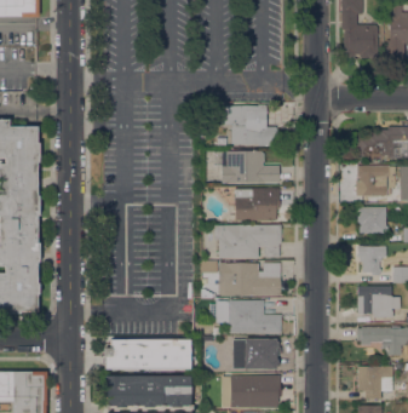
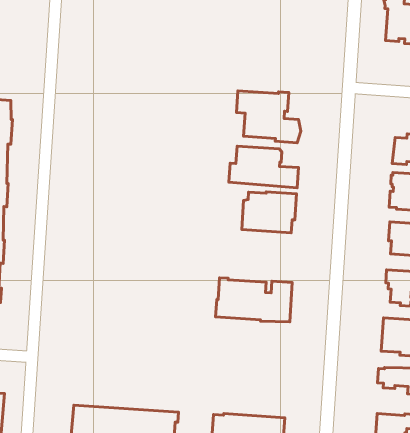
building: [214,224,281,258] -> none
building: [216,299,281,332] -> none
building: [222,337,280,371] -> none
building: [103,338,190,368] -> none

